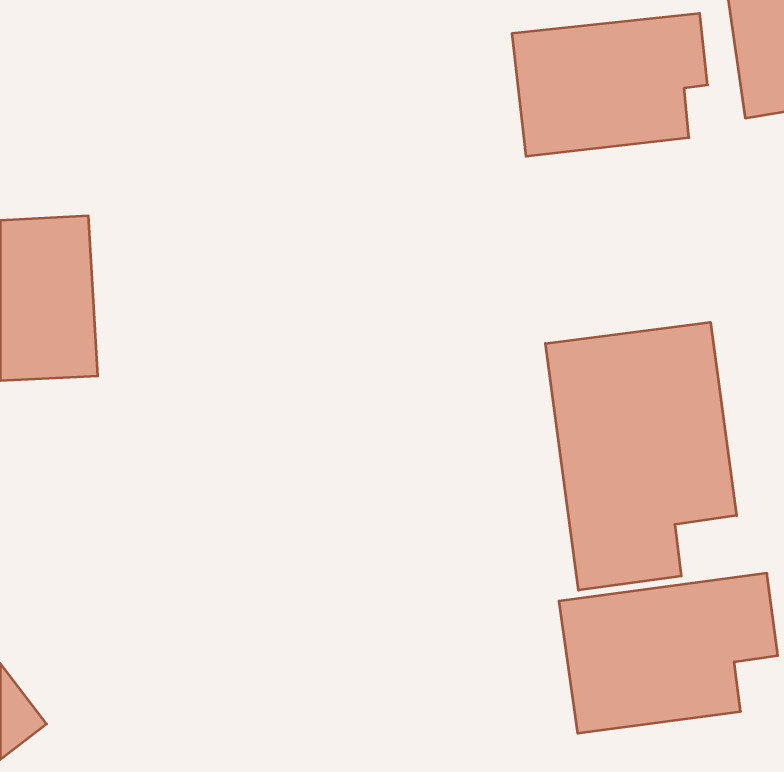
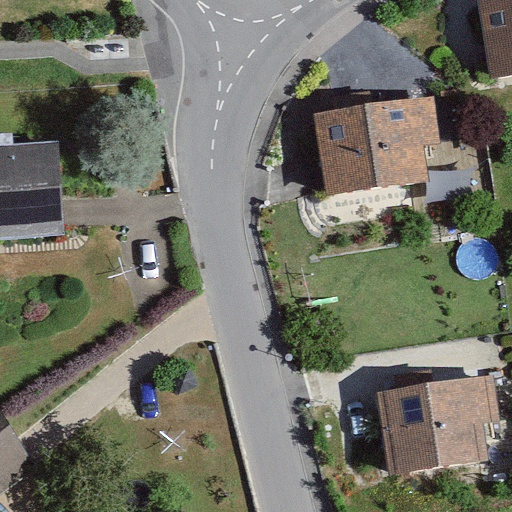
building: [512,13,708,156] -> [314,102,440,194]
building: [545,322,737,590] -> none

